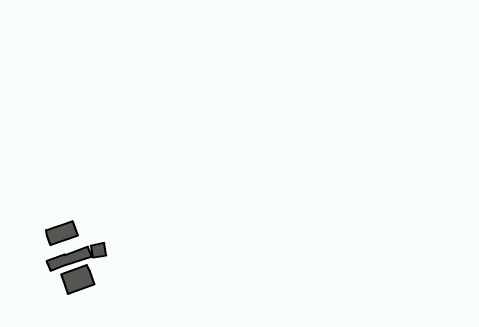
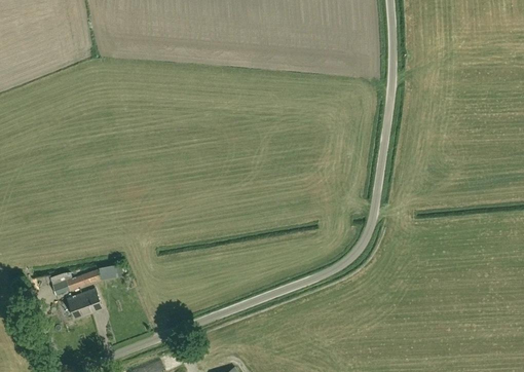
building: [46,221,78,245] -> none

